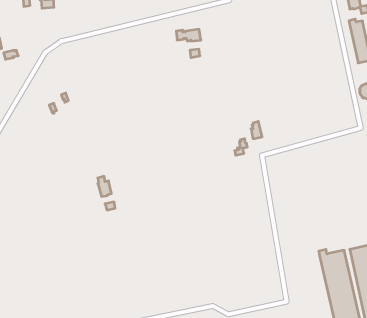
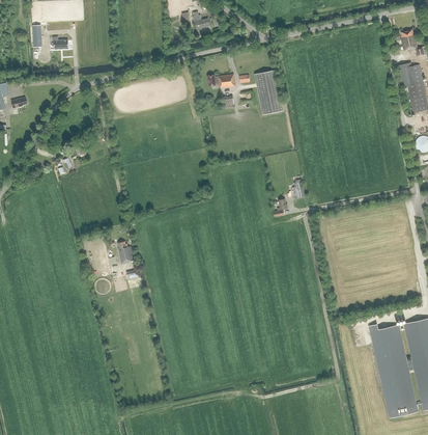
building: none -> [254,70,283,114]

